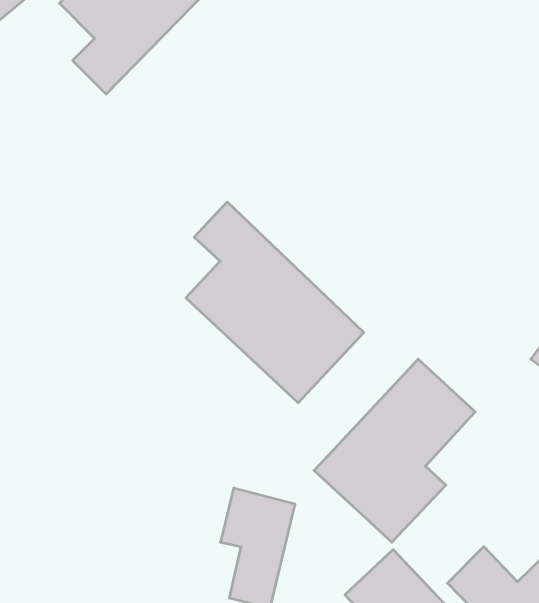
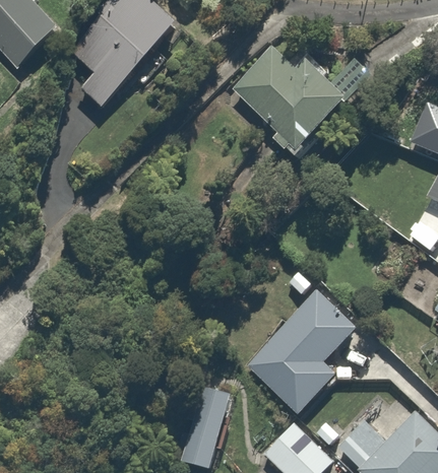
building: none -> [232,47,373,158]
building: [186,202,364,403] -> none

